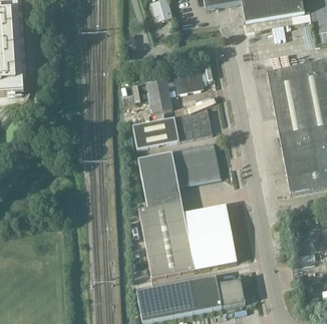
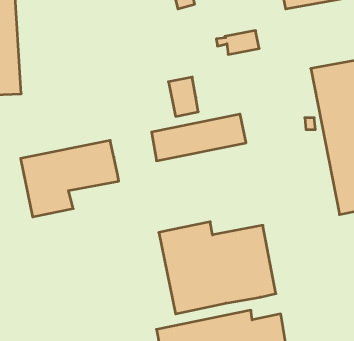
building: [167,71,203,91] -> [216,31,259,54]
building: [137,142,220,207] -> [21,140,119,217]

